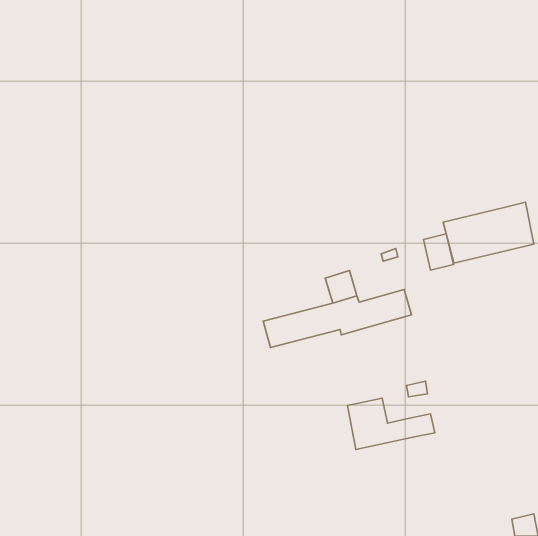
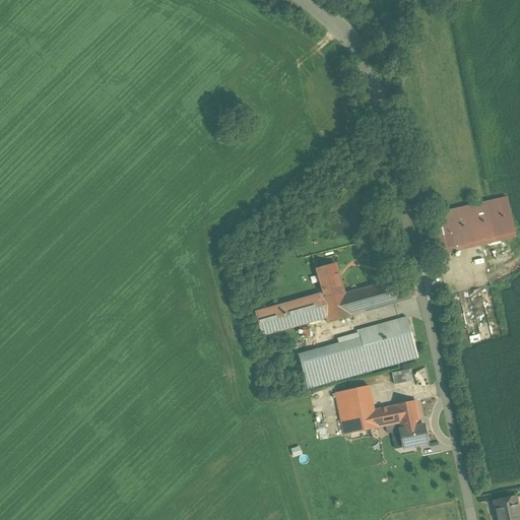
building: [423,234,453,270] -> none
building: none -> [300,315,417,386]
building: none -> [398,417,427,446]

